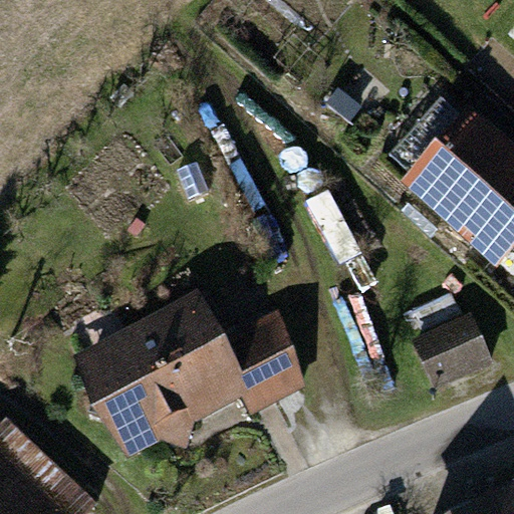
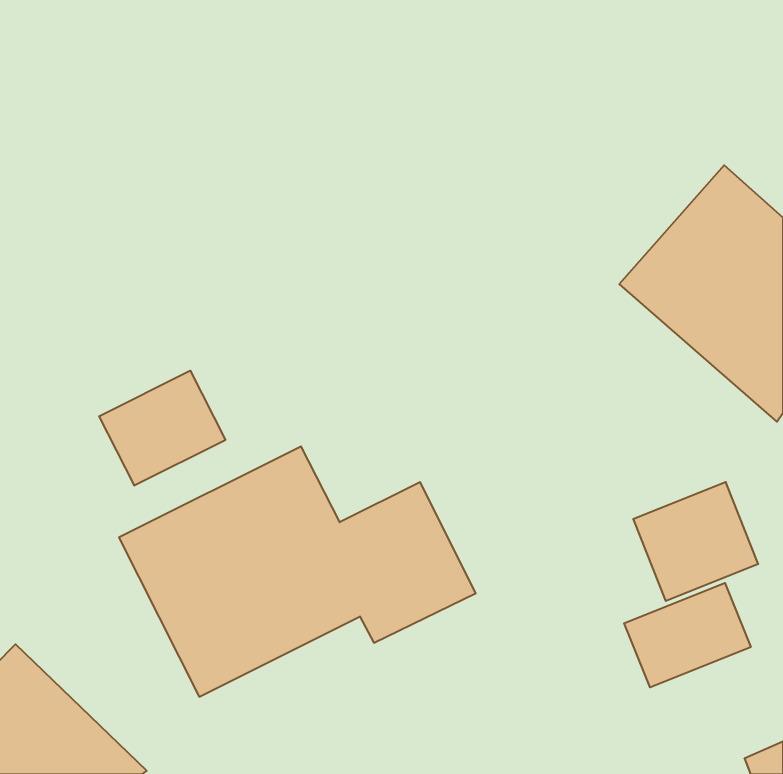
building: none -> [99,371,225,486]
building: none -> [624,583,751,687]

